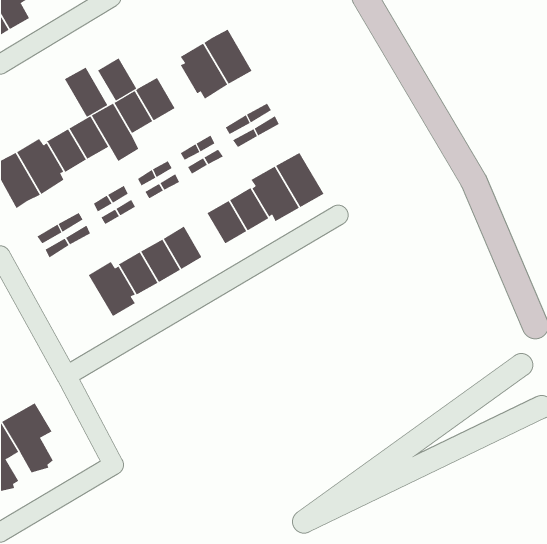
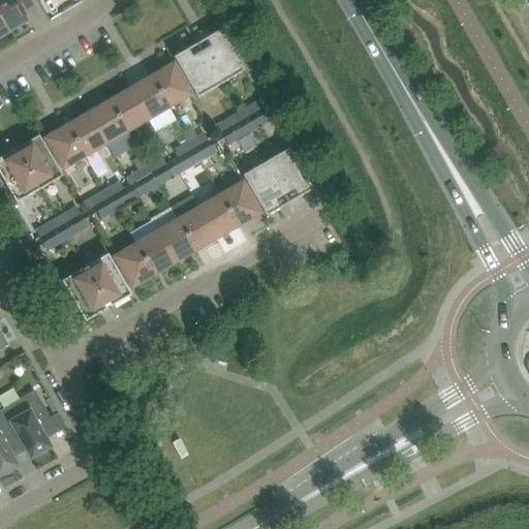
building: [97,58,137,102] -> [152,62,190,104]
building: [64,67,108,118] -> none
building: none -> [178,206,217,248]
building: none -> [61,266,108,319]

